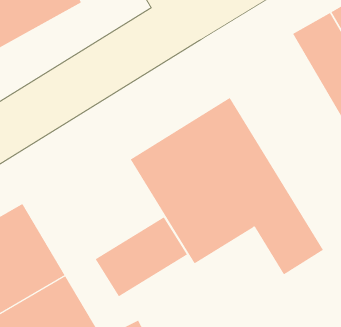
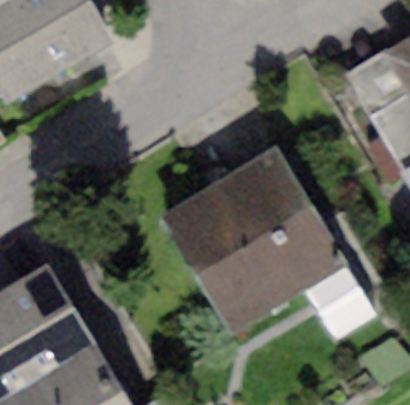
building: [95,217,188,297] -> none

